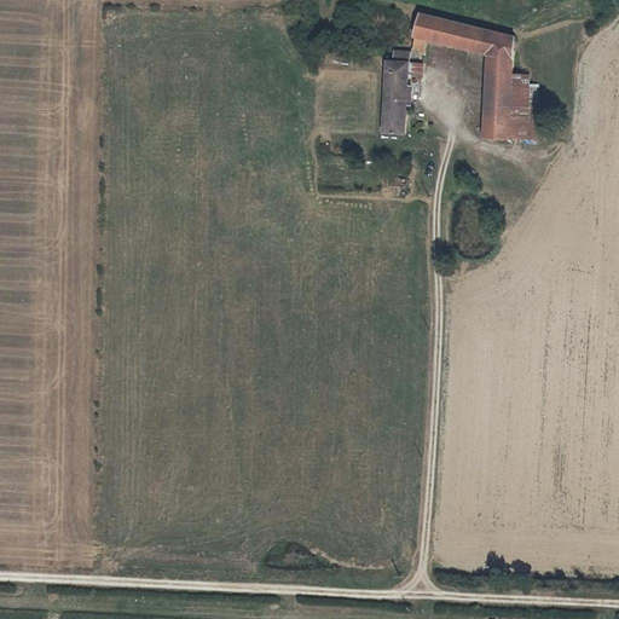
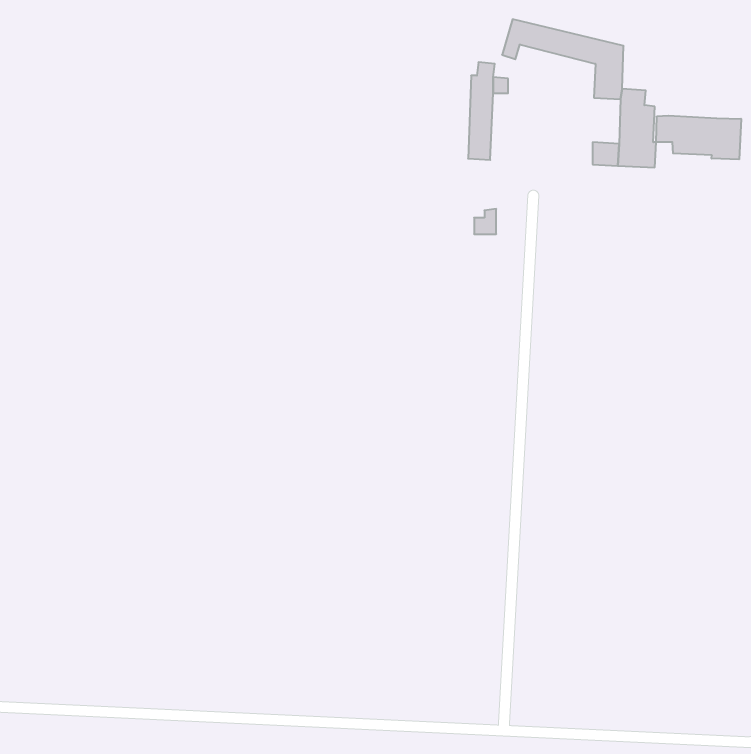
building: [484,80,507,117] -> none
building: none -> [656,116,741,159]

